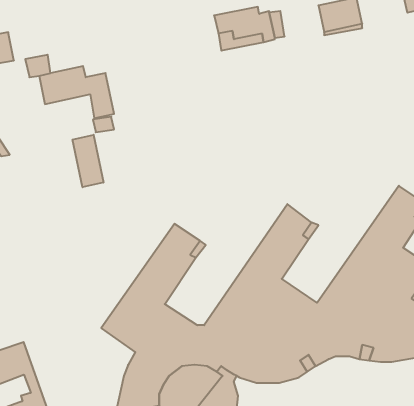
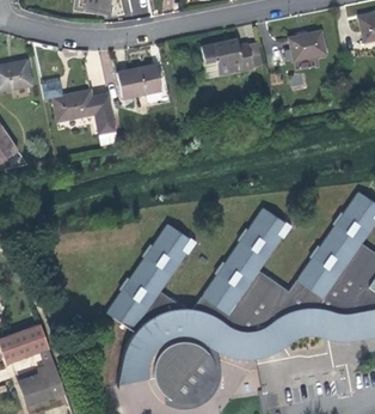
building: none -> [117,65,161,98]
building: [73,135,103,187] -> none

